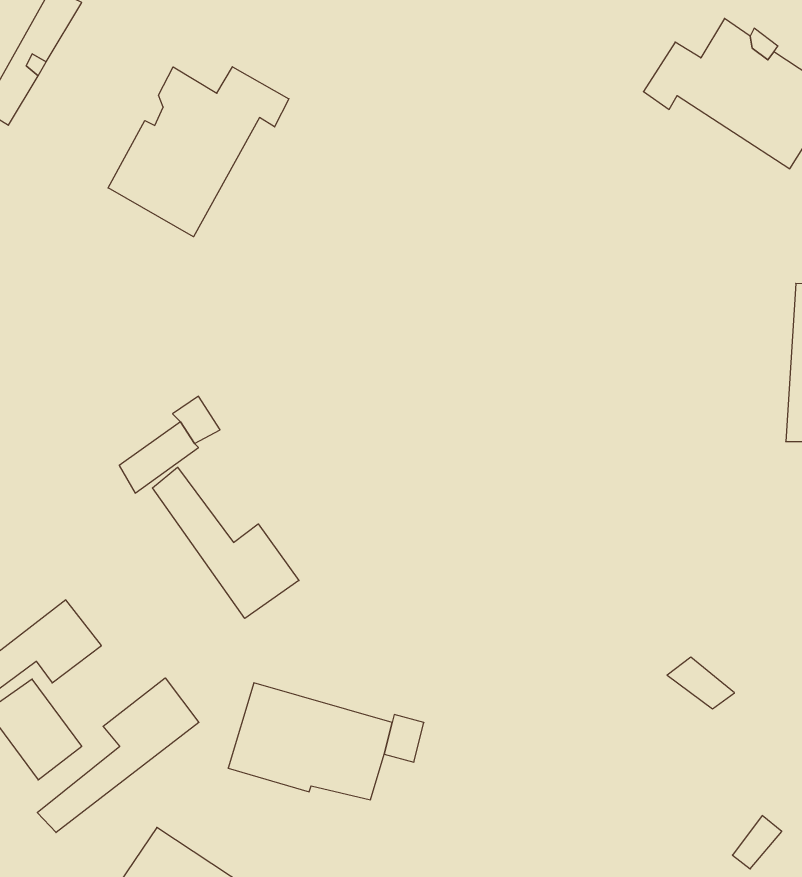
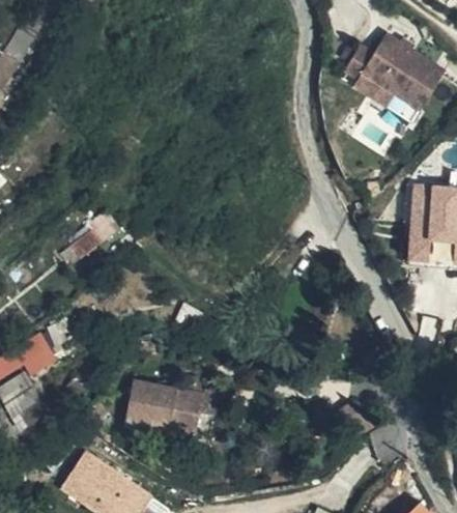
building: [108,67,289,237] -> none
building: [152,467,299,618] -> none
building: [37,678,199,833] -> none

